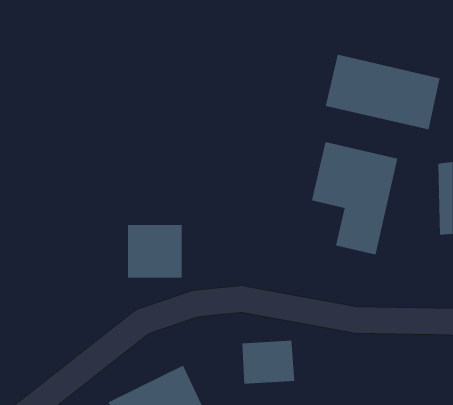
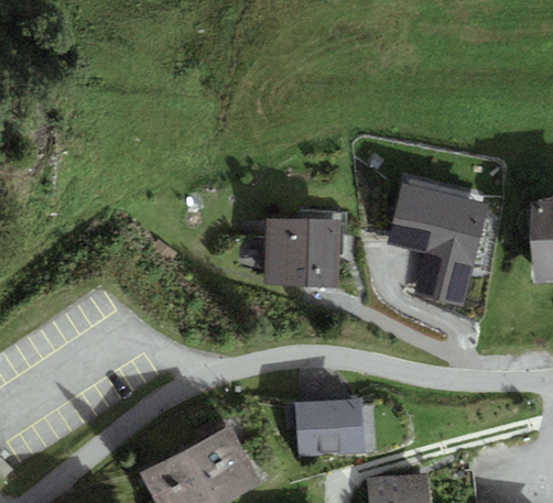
building: [325,54,440,130] -> none
building: [127,225,183,278] -> [271,221,335,283]

